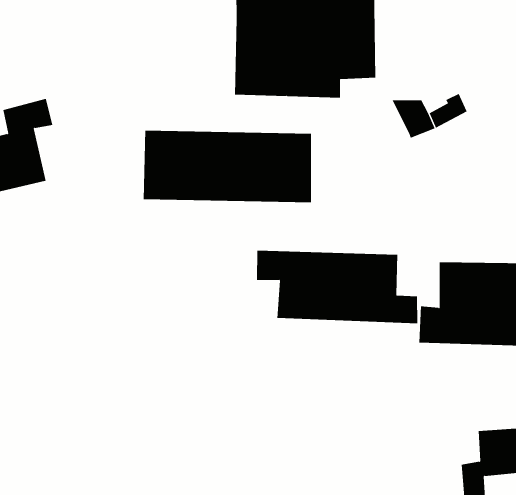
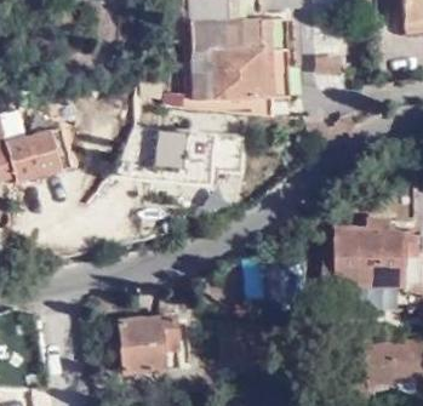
building: [257,250,418,324] -> none
building: none -> [120,314,178,368]

